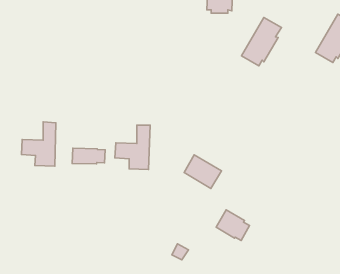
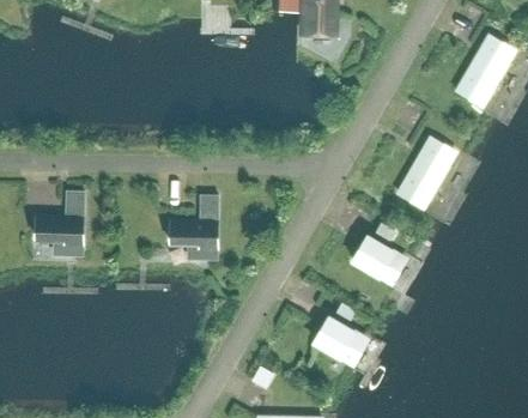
building: [241,17,281,66] -> [396,139,454,208]
building: [72,148,105,164] -> none
building: [184,155,222,188] -> [347,234,401,281]

